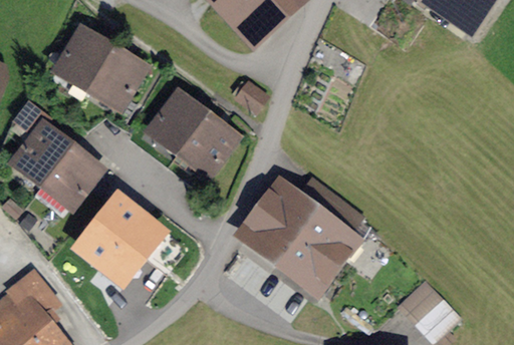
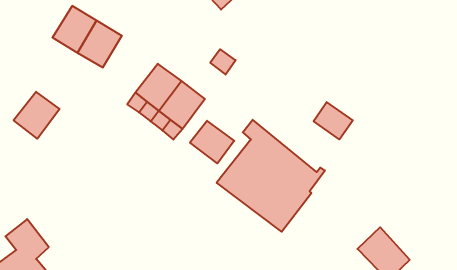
building: none -> [314,102,353,139]
building: [43,148,94,202] -> none
building: none -> [190,121,234,163]
building: [70,188,172,291] -> none

